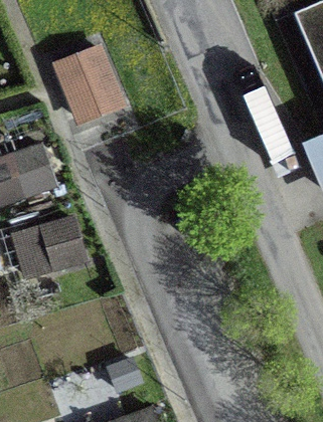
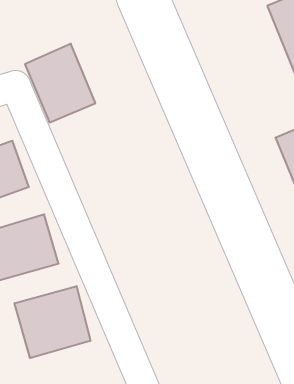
building: none -> [15,286,90,358]

